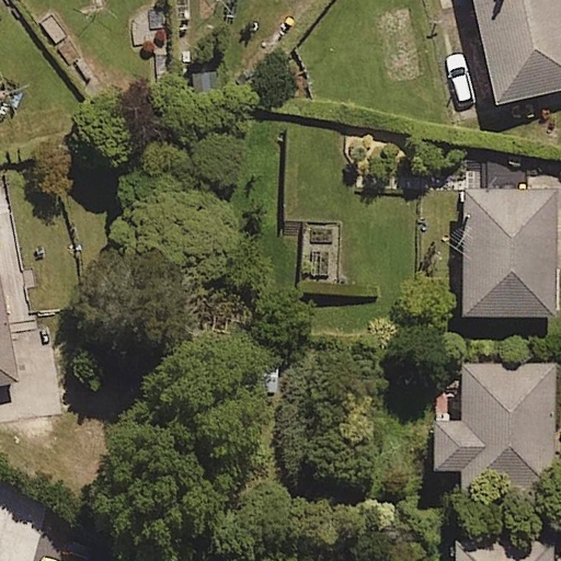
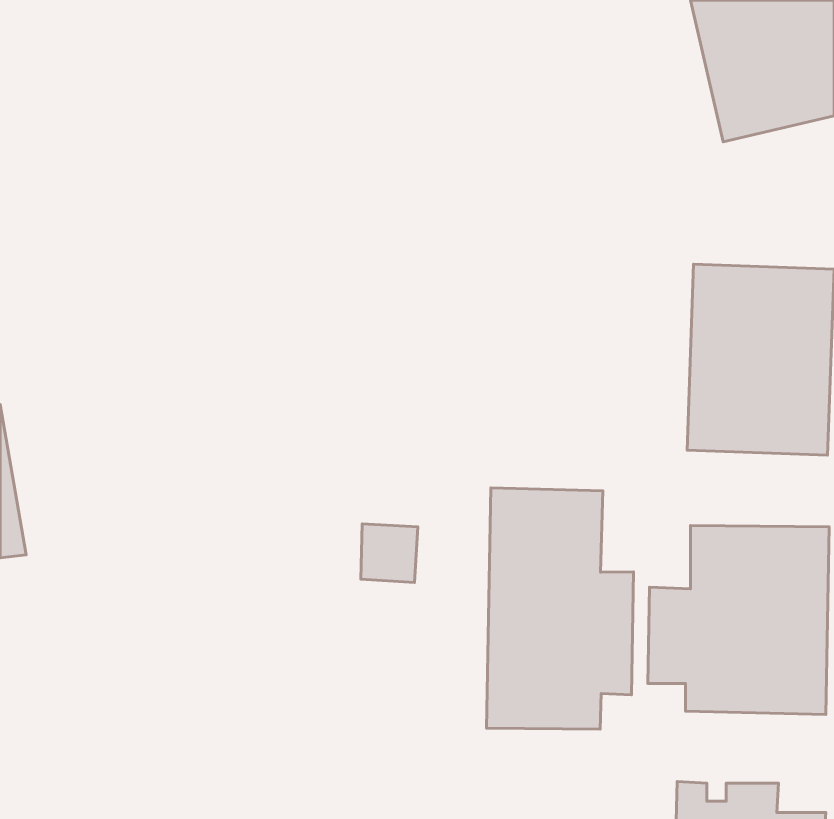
building: none -> [487,488,634,729]

